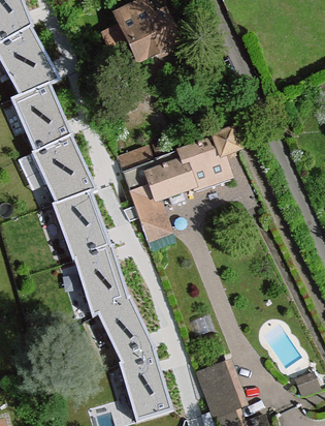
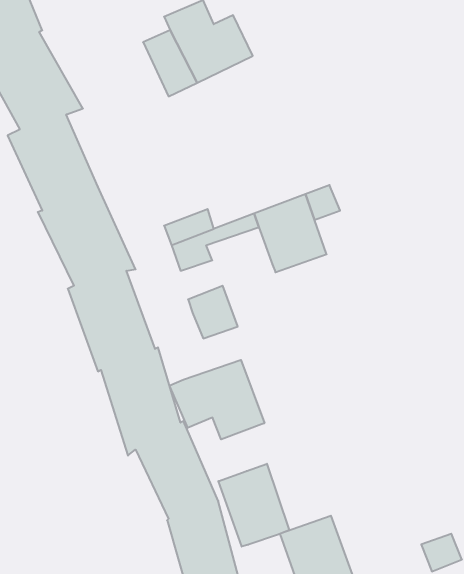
building: [145,159,191,199] -> none
building: none -> [169,360,264,439]
building: none -> [218,464,289,547]

